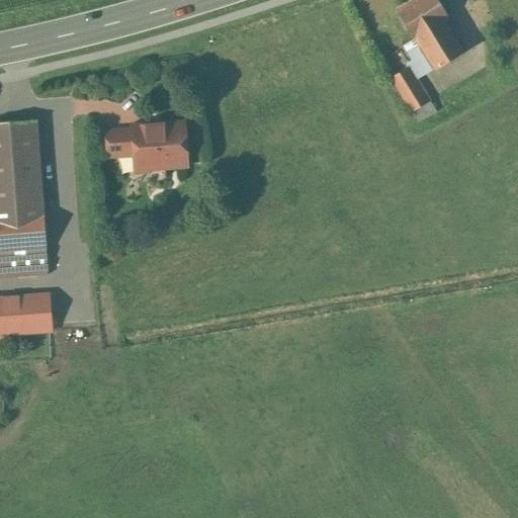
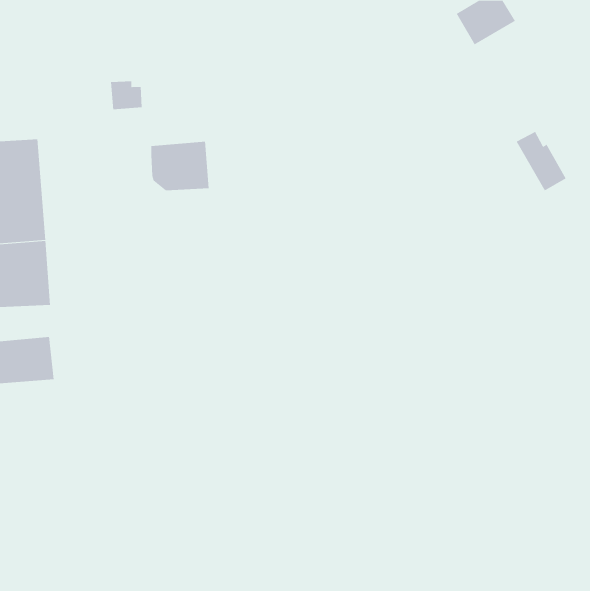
building: [417,21,464,70] -> none
building: [391,66,435,118] -> [516,131,567,191]
building: [104,131,133,156] -> [110,81,143,110]

